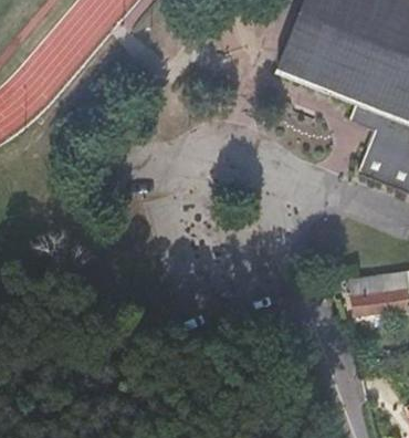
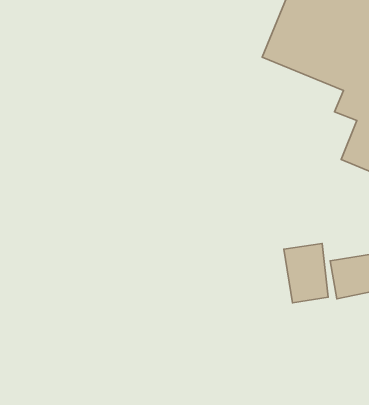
building: none -> [284,244,328,303]

